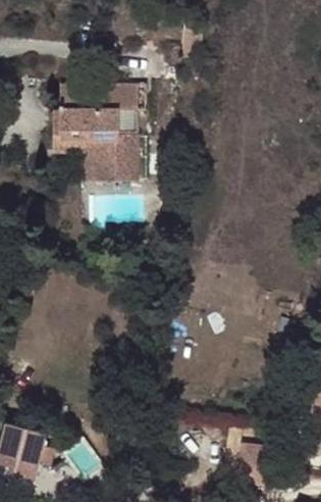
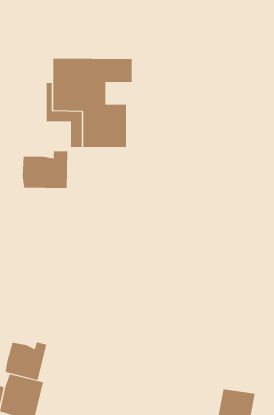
building: none -> [22,151,68,189]
building: none -> [5,342,47,381]

